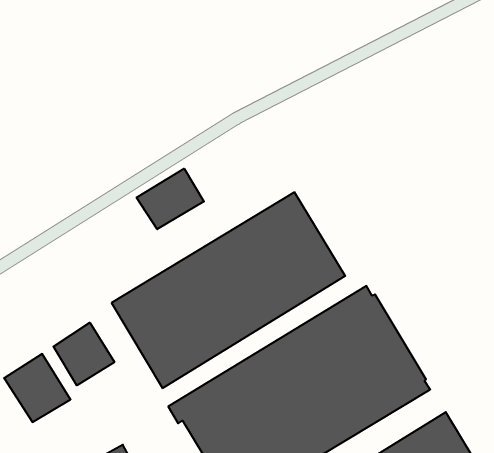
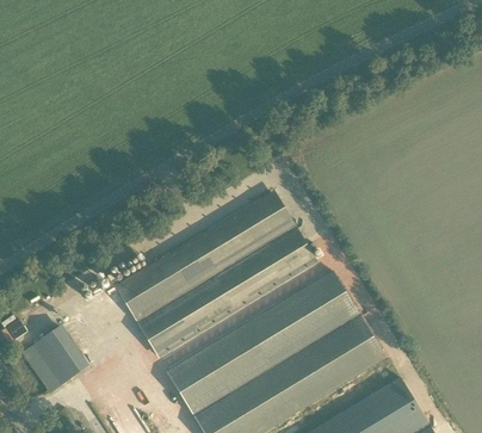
building: [137,169,204,229] -> none
building: [53,323,114,385] -> none

